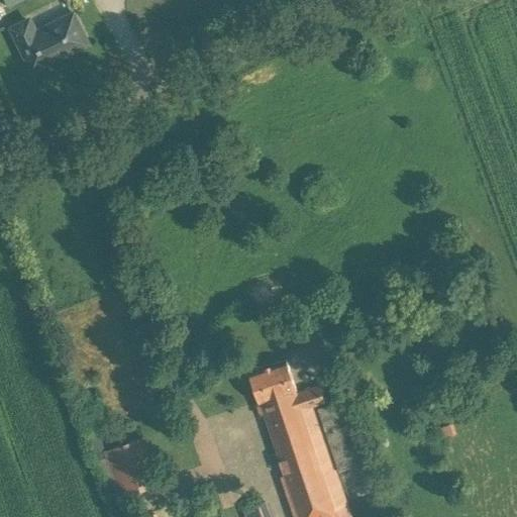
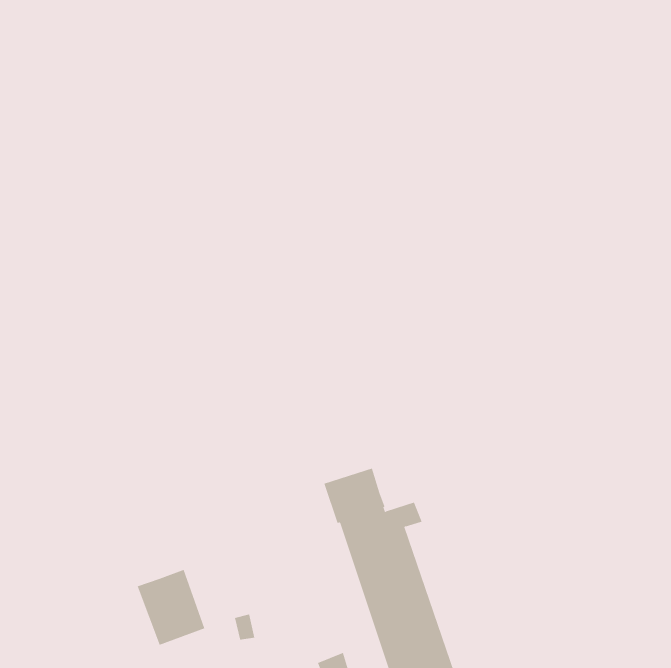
building: [11,16,86,72] -> none

